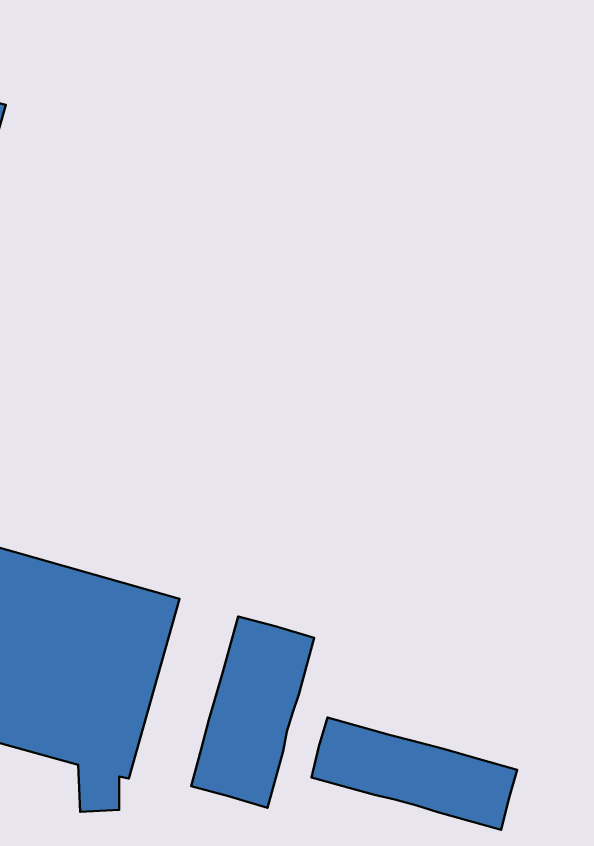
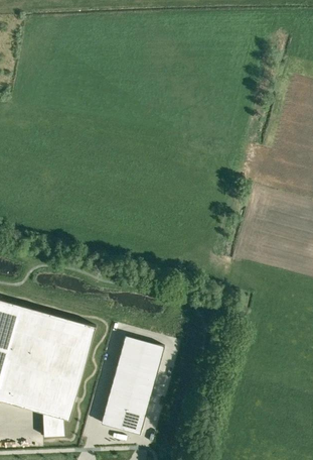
building: [311,718,517,830] -> none

